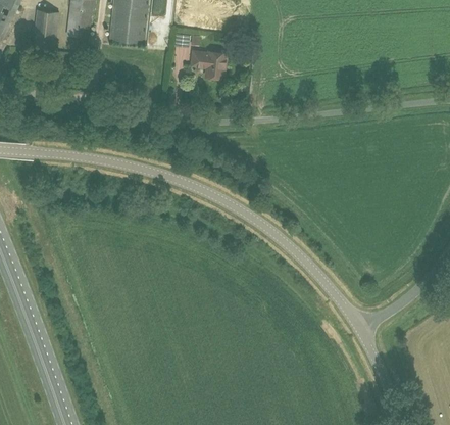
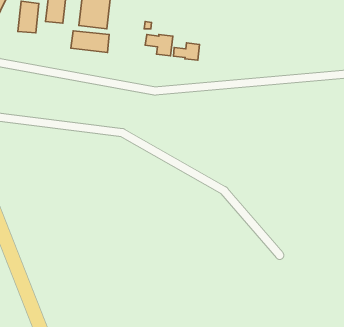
building: none -> [71,31,109,52]
building: none -> [173,43,200,60]

